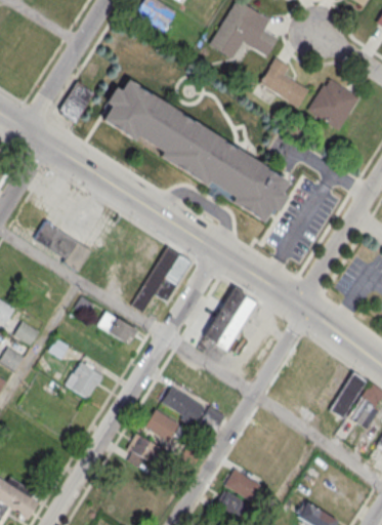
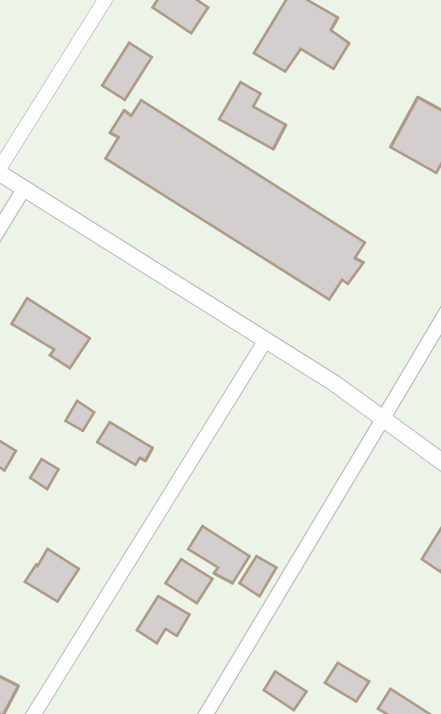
building: [260,59,308,108] -> [219,82,286,149]
building: [59,83,95,124] -> [102,43,152,100]
building: [132,247,192,313] -> none
building: [197,287,258,355] -> none
building: [65,361,103,399] -> [25,549,79,602]
building: [226,470,258,497] -> [325,663,369,701]

